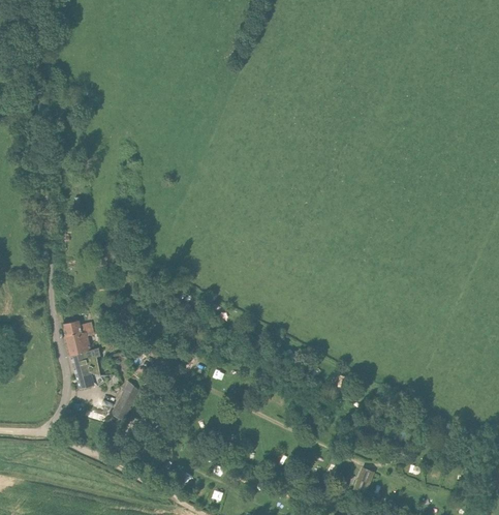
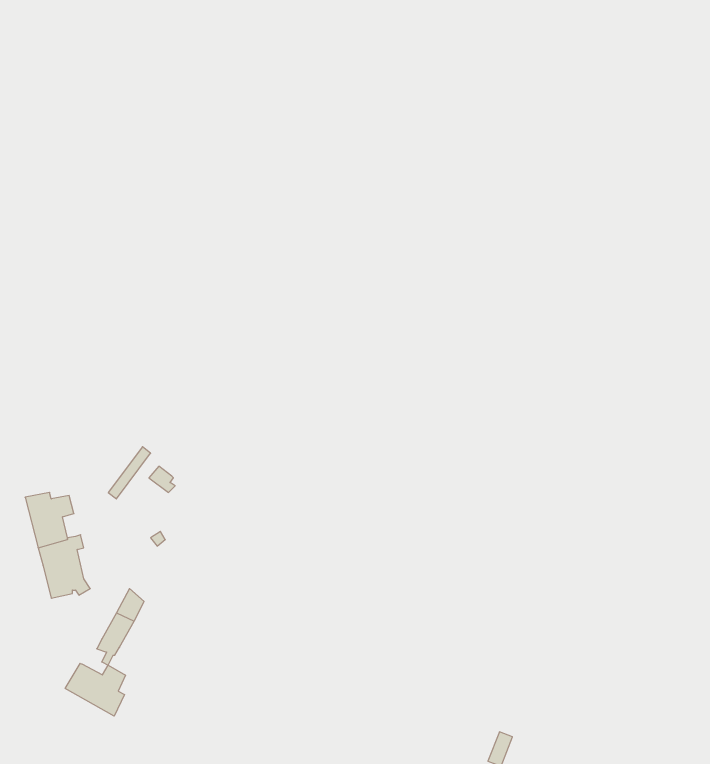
building: none -> [65,663,125,716]

